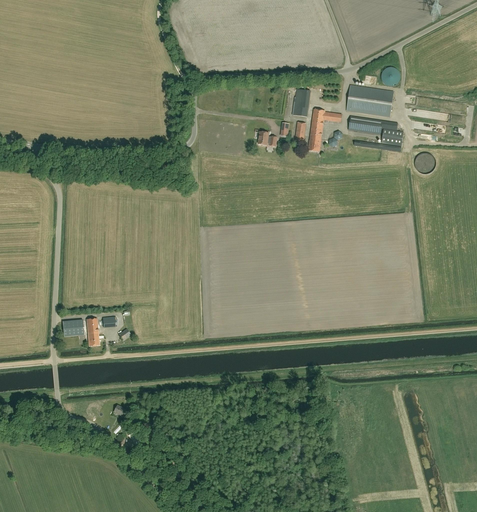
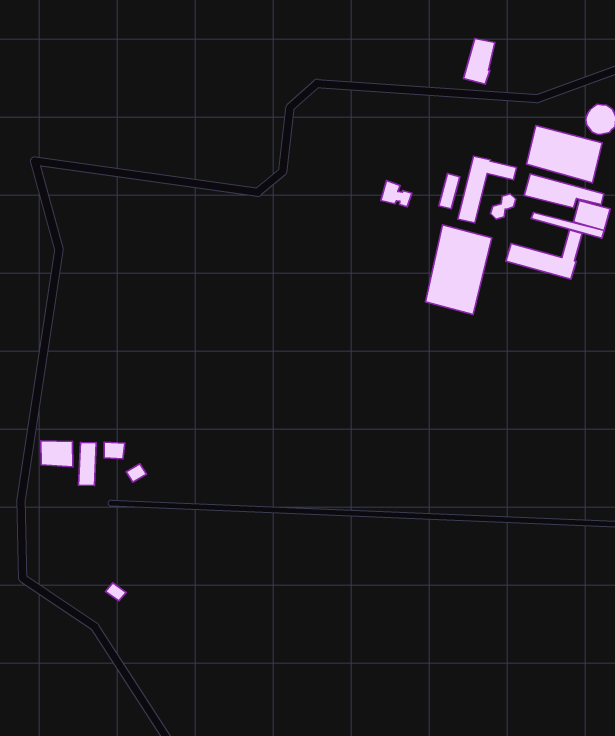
building: [293,89,310,117] -> [464,38,495,84]
building: none -> [506,230,582,279]
building: none -> [426,225,492,314]

